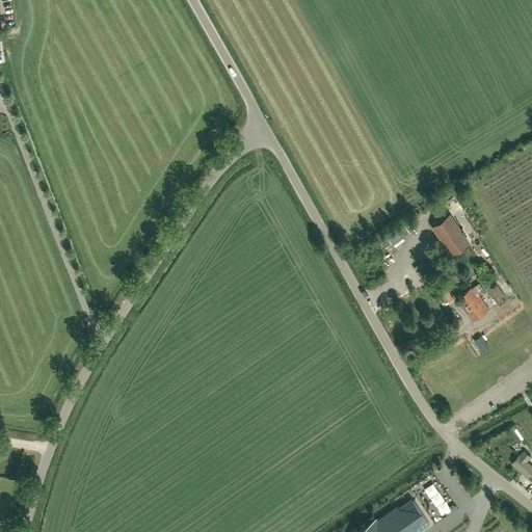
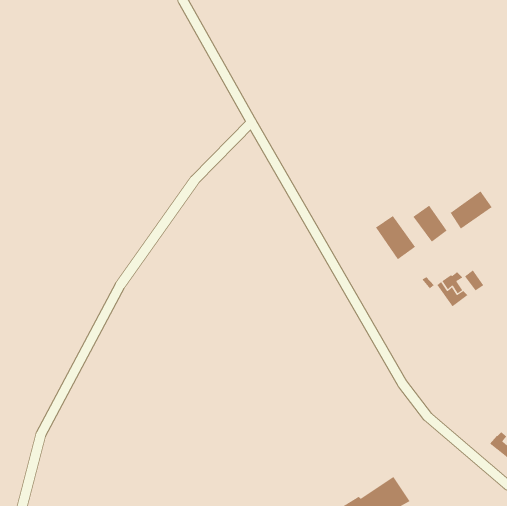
building: none -> [450,191,492,229]
building: none -> [375,215,416,260]

